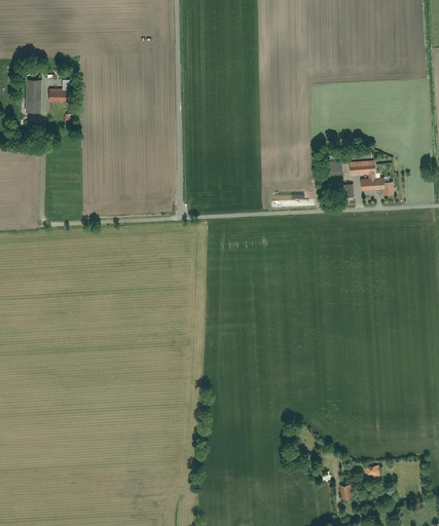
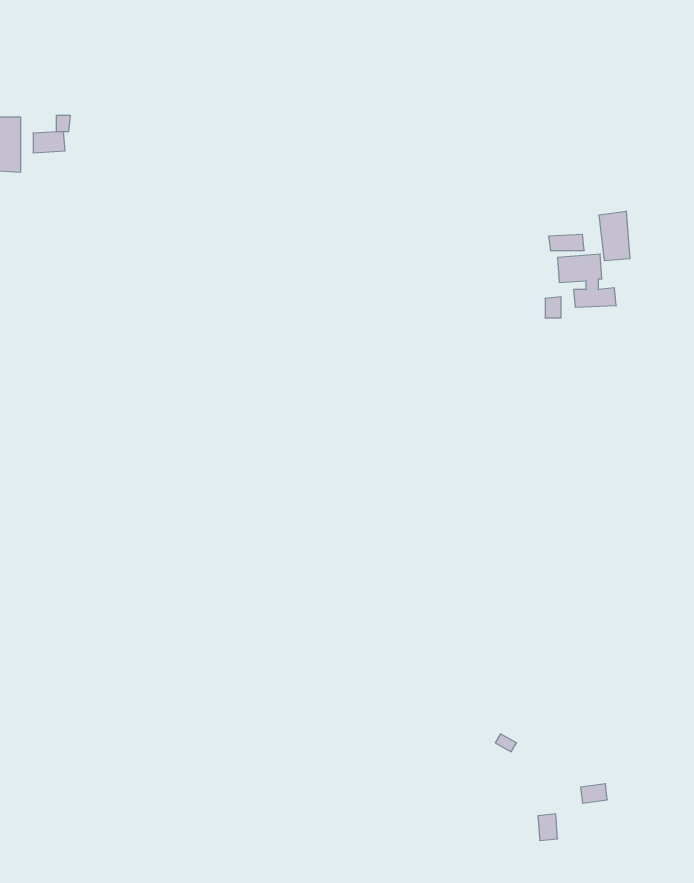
building: none -> [599,211,630,261]

